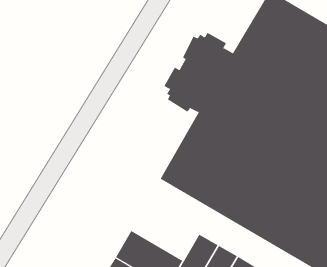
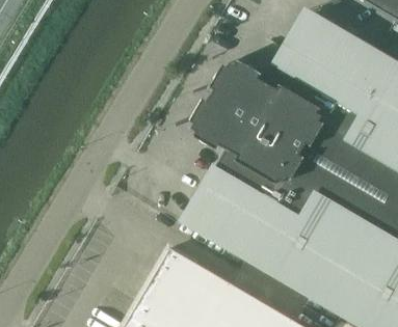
building: none -> [153,249,229,314]

